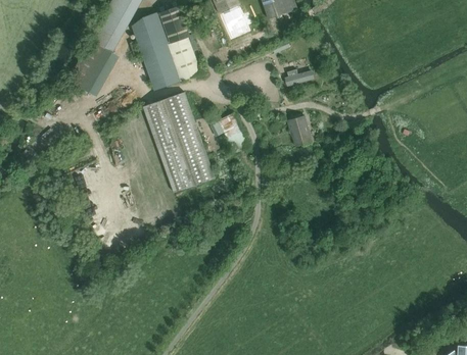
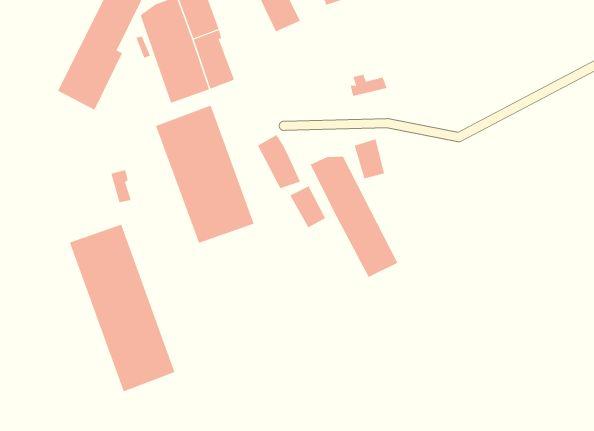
building: none -> [310,156,398,278]
building: none -> [289,186,326,228]
building: none -> [69,224,175,392]

